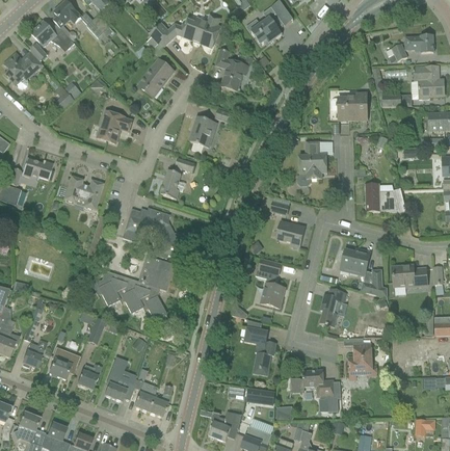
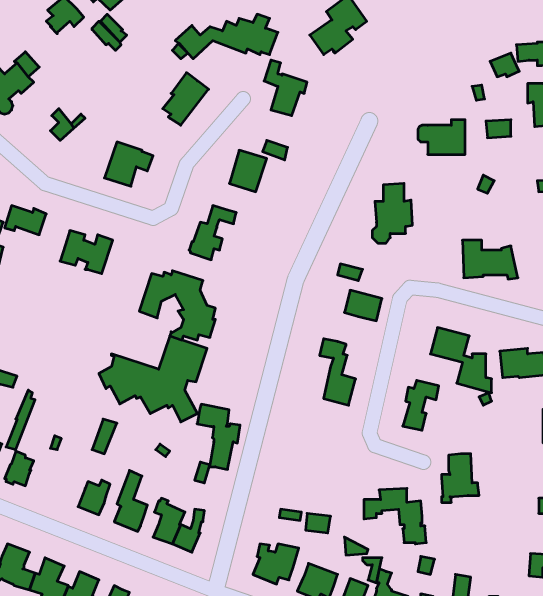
building: [31,21,75,49] -> none
building: [244,326,276,375] -> [197,404,240,469]
building: [49,347,80,379] -> none

